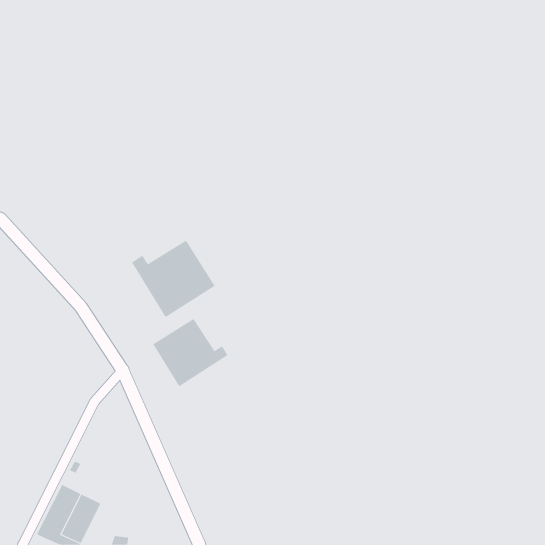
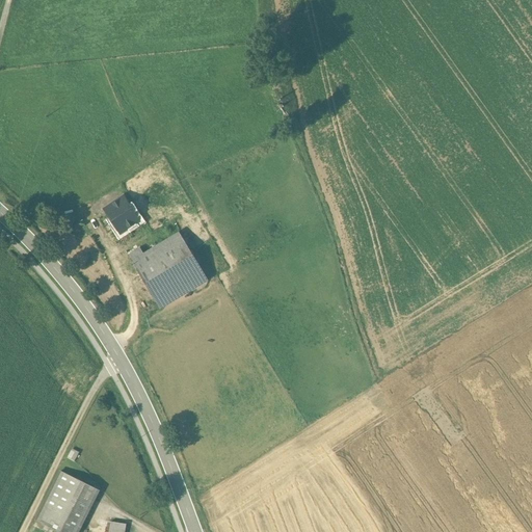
building: none -> [105,194,142,234]
building: [153,318,228,387] -> none

